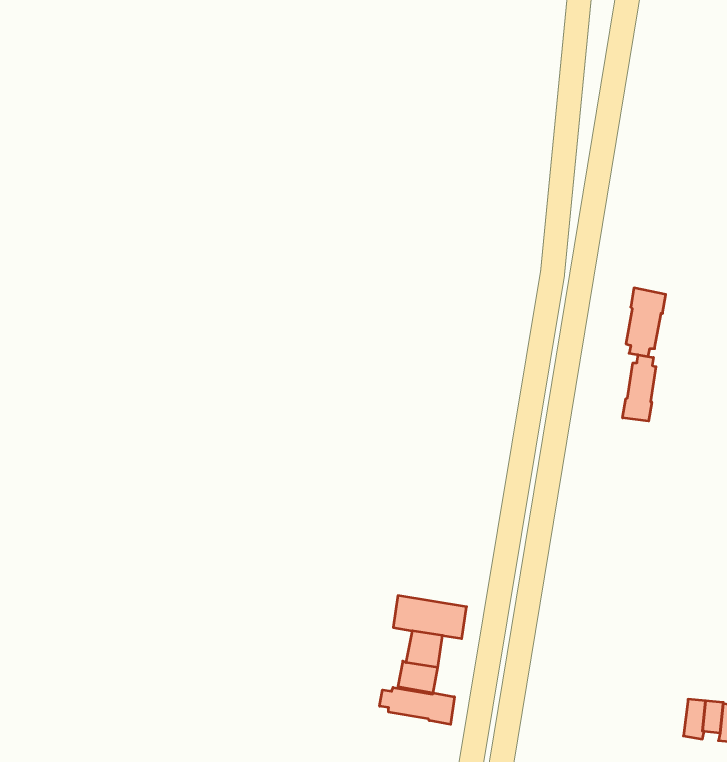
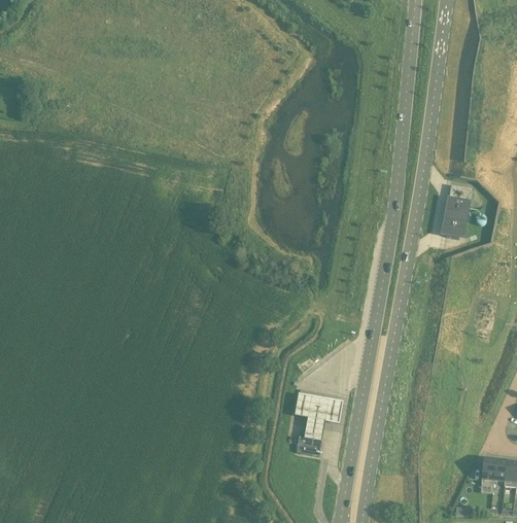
building: [623,355,656,421] -> none
building: [380,687,454,724] -> none

